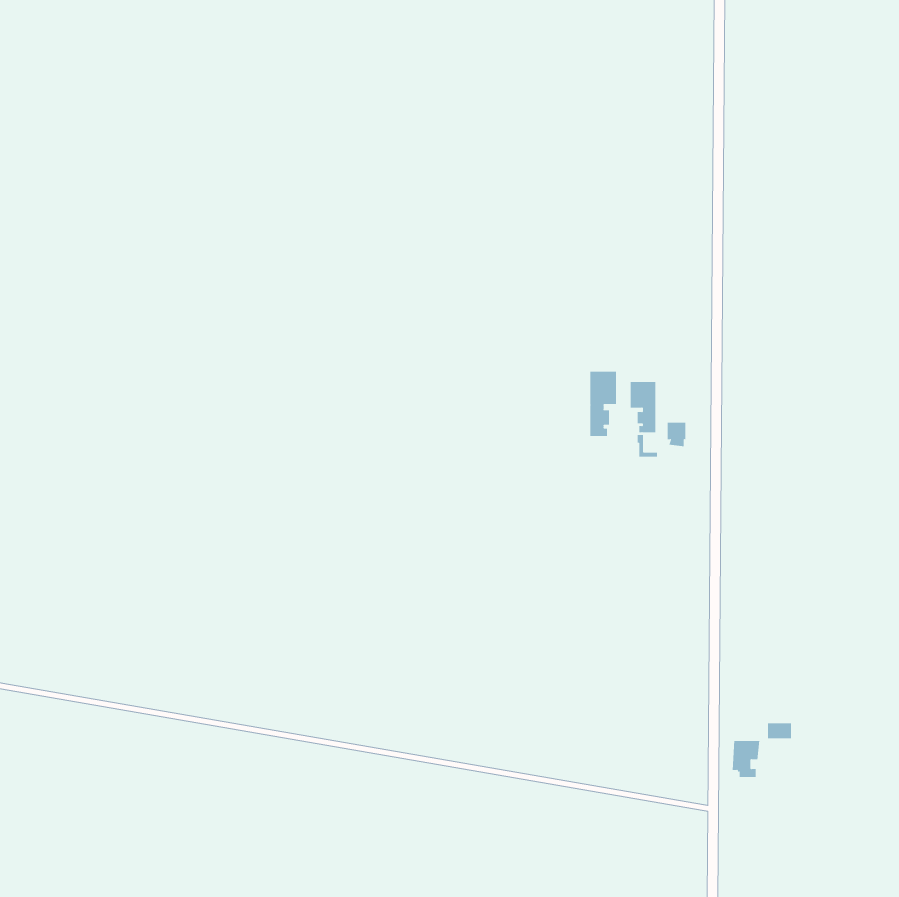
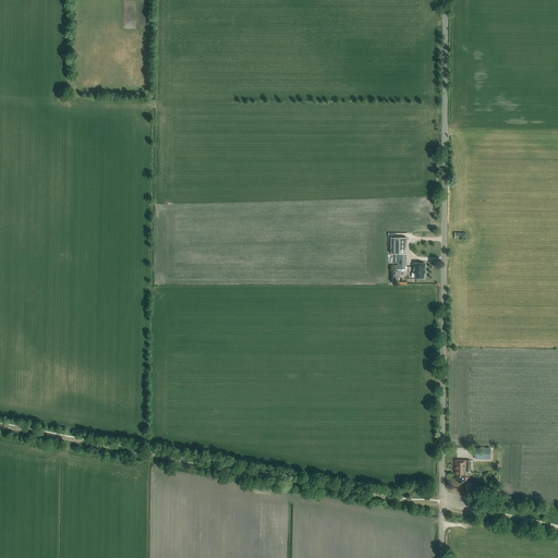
building: [590,371,617,437] -> none

